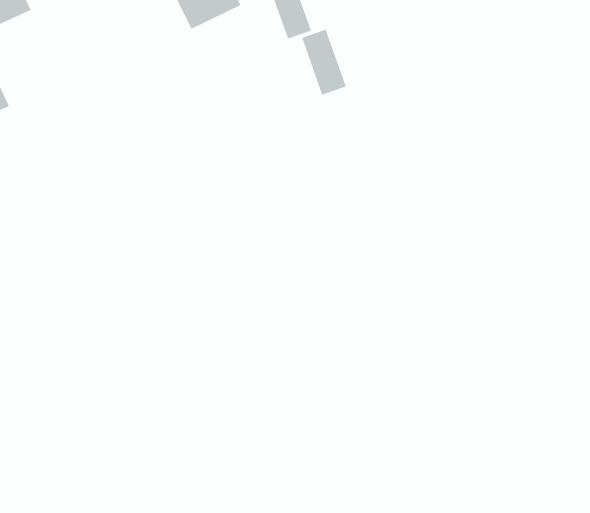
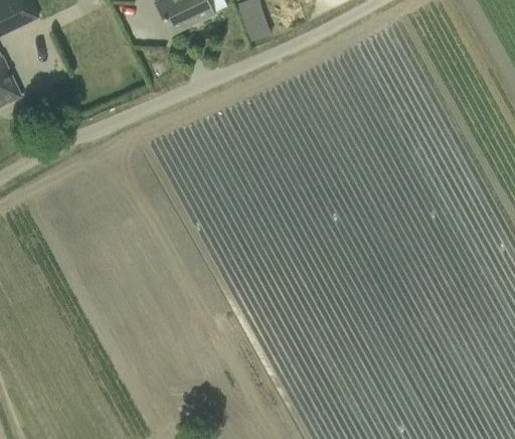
building: [301,29,346,95] -> none

